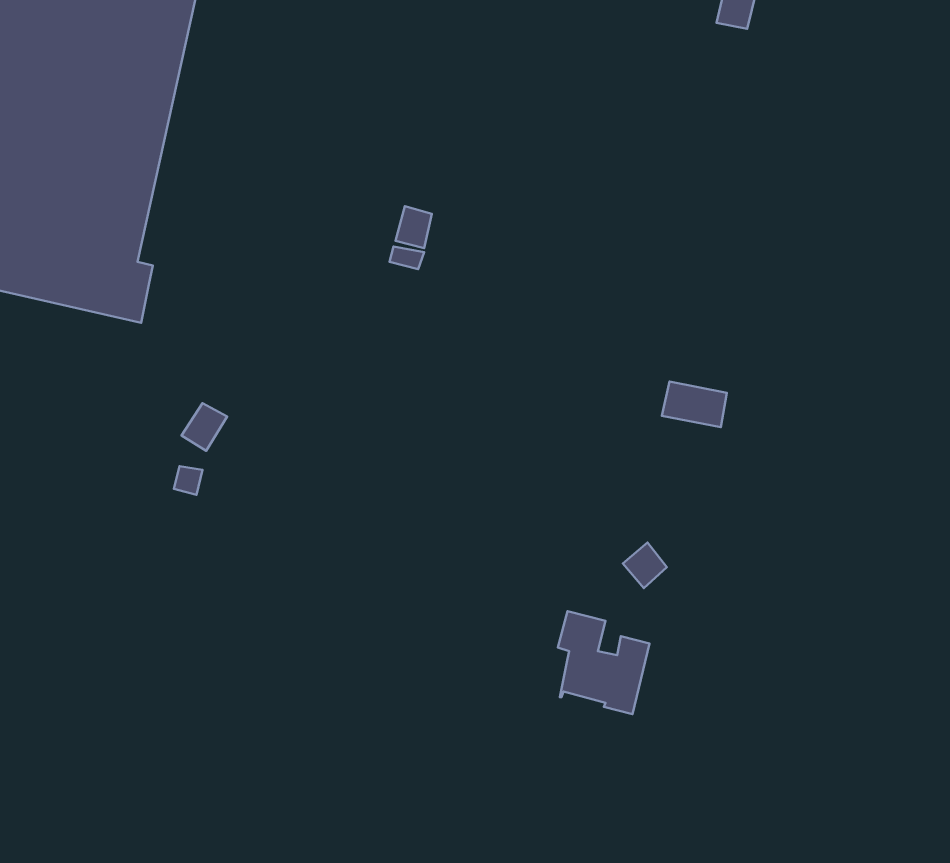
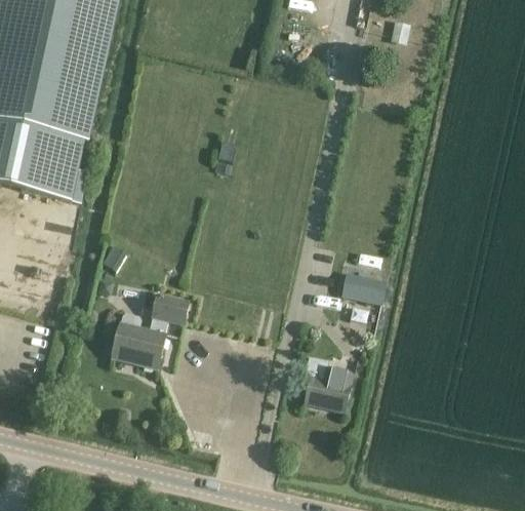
building: [662,381,727,427] -> [344,275,378,300]
building: none -> [113,294,190,368]

